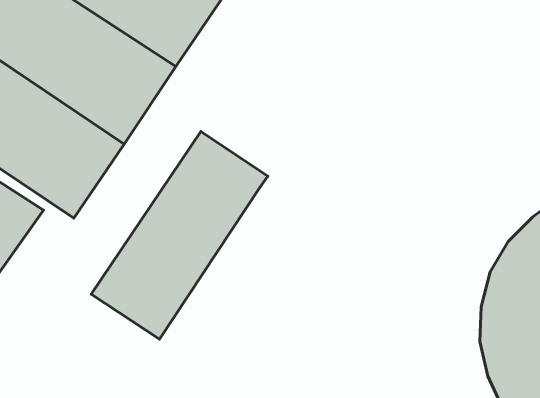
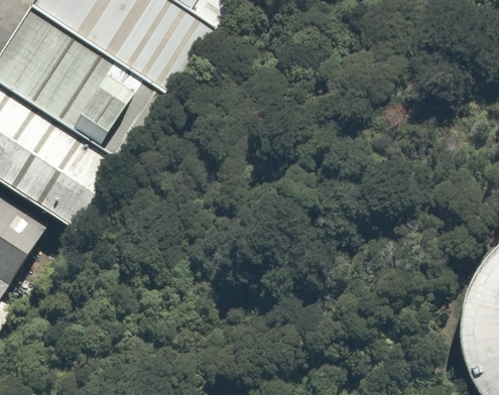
building: [91,131,268,339] -> none

